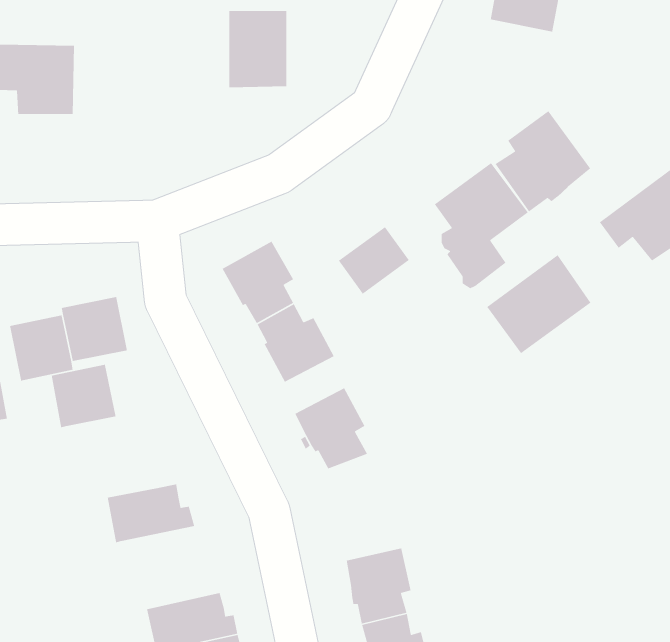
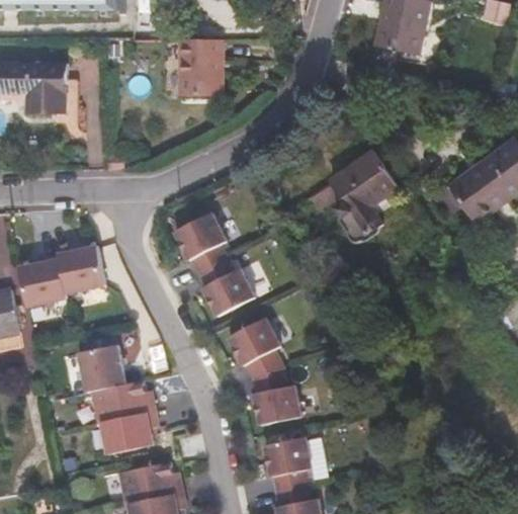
building: [494,110,591,213] -> none
building: [338,226,410,295] -> none
building: [486,254,591,354] -> none
building: [51,364,117,428] -> [79,346,126,393]
building: none -> [250,360,298,418]
building: none -> [100,413,157,456]

